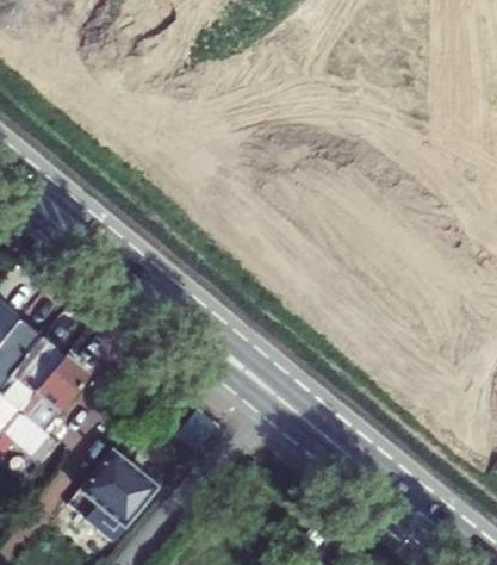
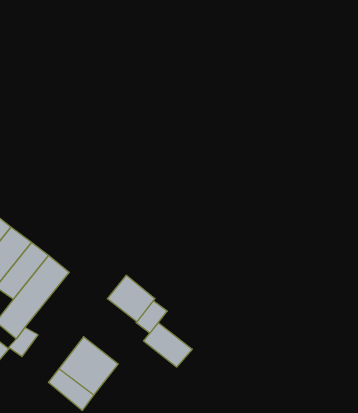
building: none -> [107,275,155,322]
building: none -> [144,323,192,367]

